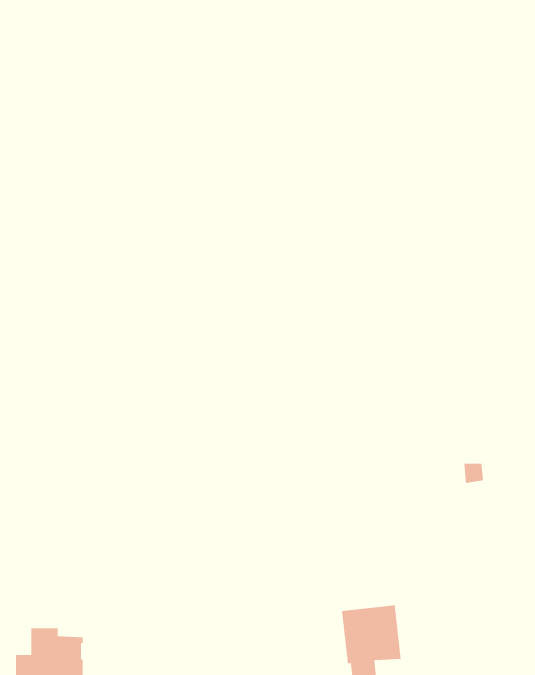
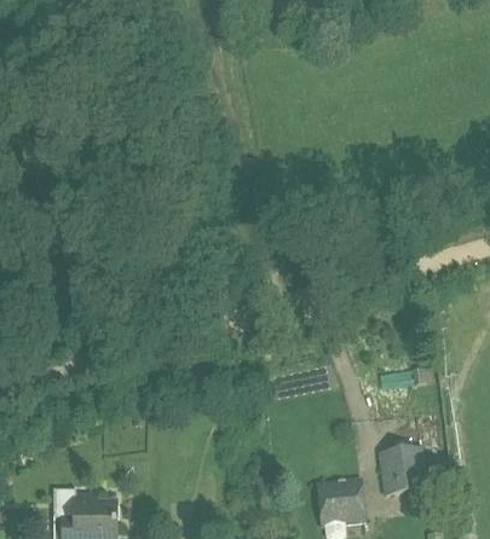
building: none -> [376,444,427,493]

